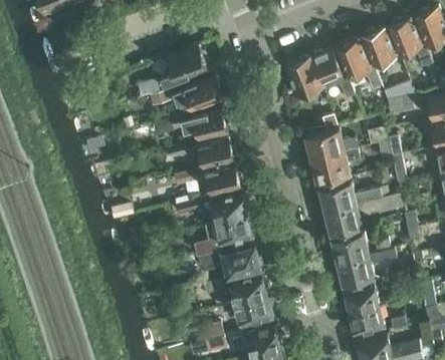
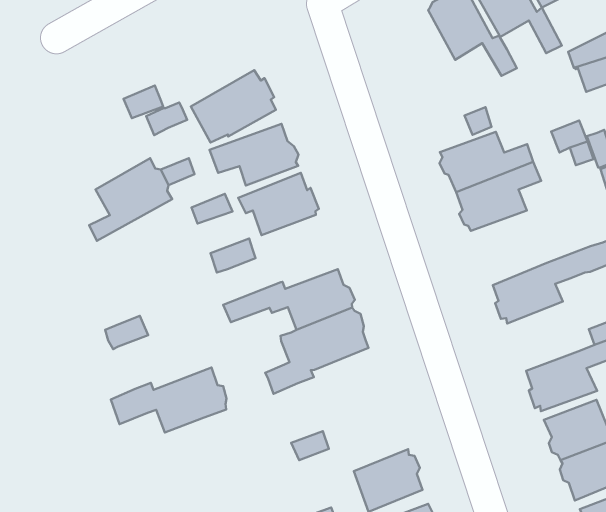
building: [161,45,208,86] -> [89,158,172,241]
building: [287,57,321,104] -> none
building: [204,164,242,196] -> none
building: [317,182,382,213] -> none
building: [330,232,369,262] -> none
building: [198,246,261,278] -> [111,367,227,433]
building: [230,274,268,304] -> none

